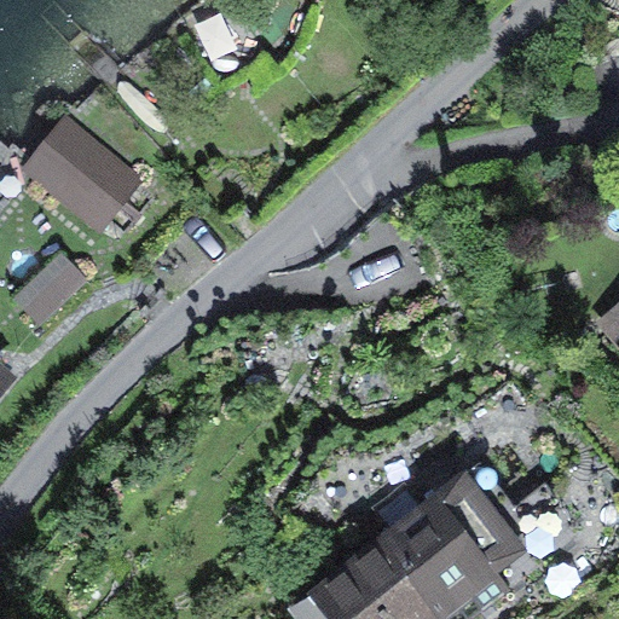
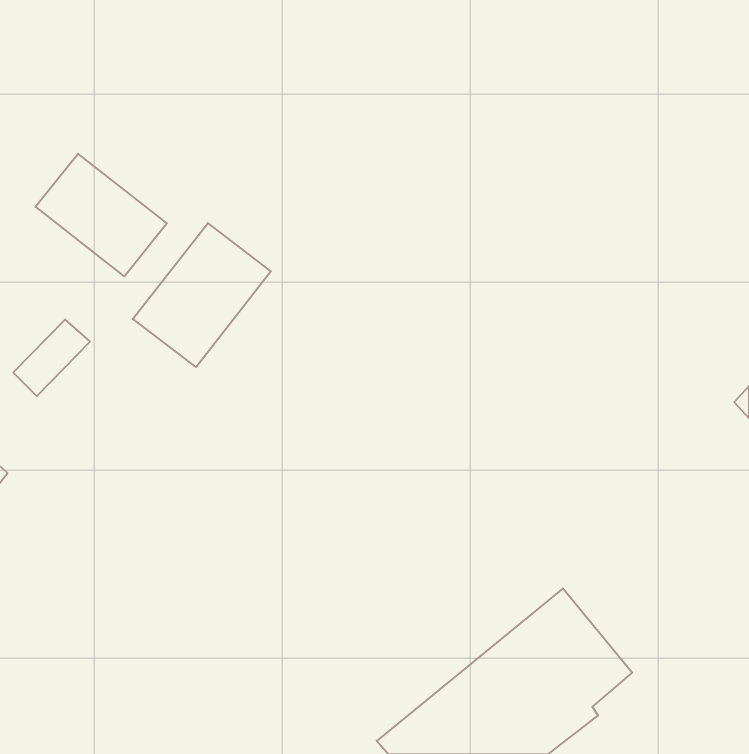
building: none -> [133,223,271,367]

